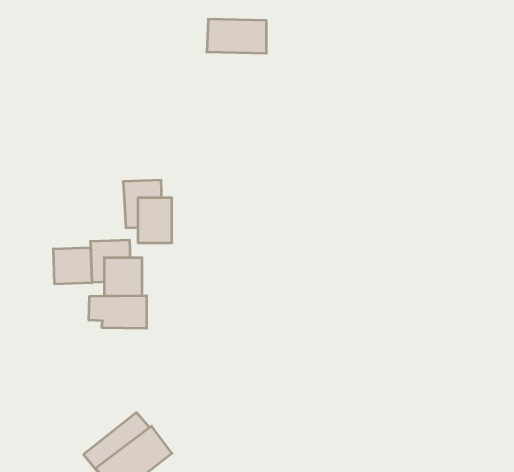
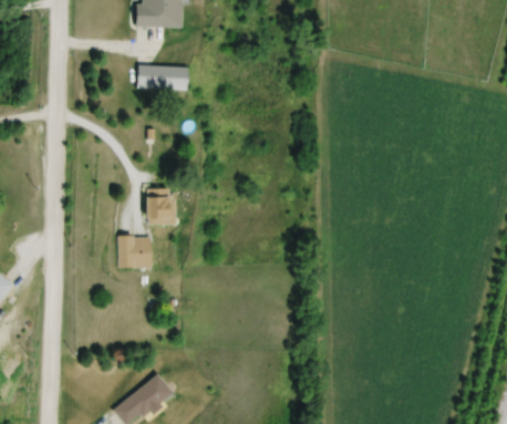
building: [207,19,266,53] -> [137,62,186,90]
building: [53,248,92,284] -> none
building: [89,296,147,328] -> none

